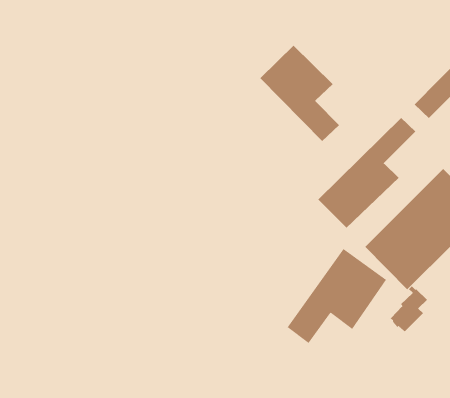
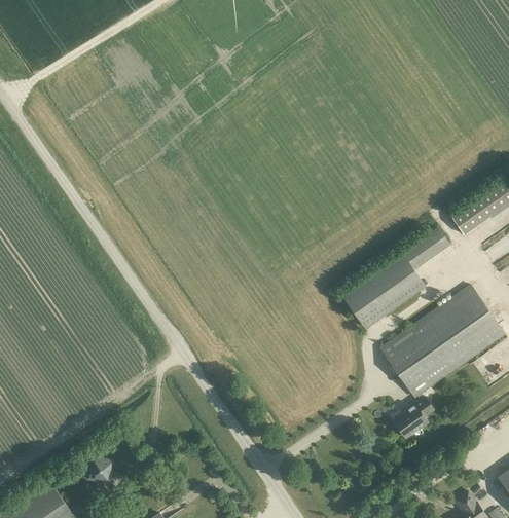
building: [259,45,340,142] -> none
building: [287,248,387,344] -> none

